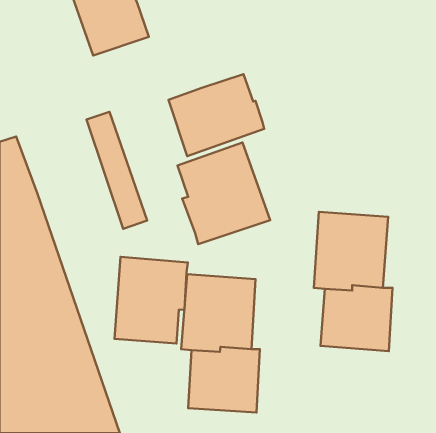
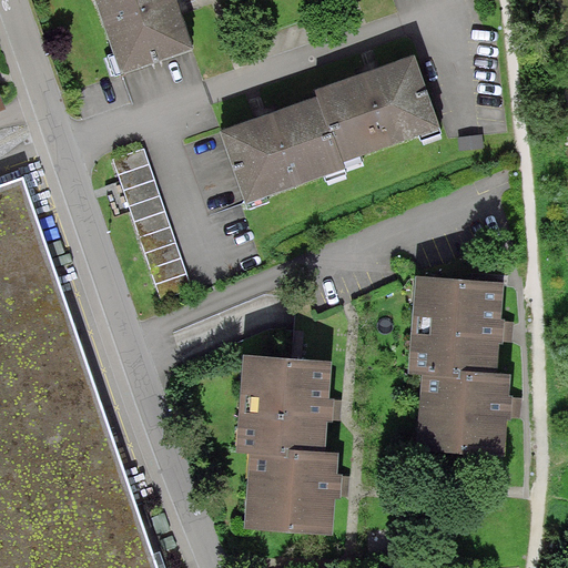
building: none -> [313,54,438,159]
building: [178,142,270,244] -> none
building: [115,257,188,343] -> none

